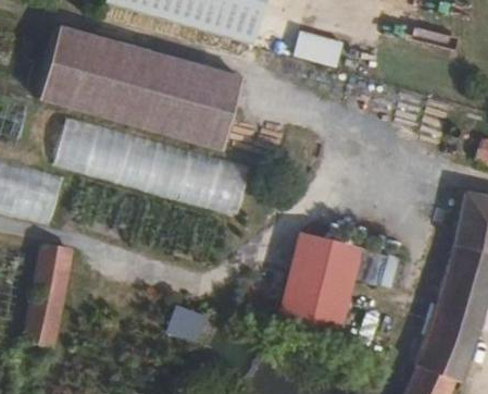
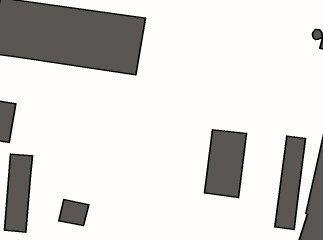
building: [52,109,249,207] -> none
building: none -> [275,136,306,229]
building: [163,301,204,338] -> [59,199,89,226]

